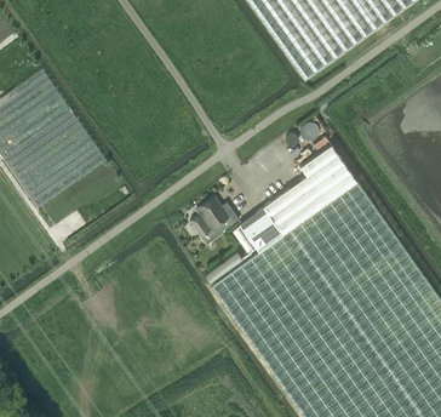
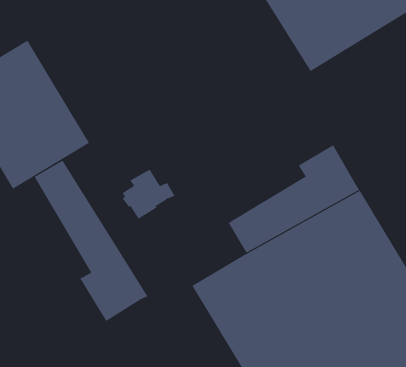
building: none -> [34,160,148,322]
building: [190,196,240,244] -> [122,169,176,219]

